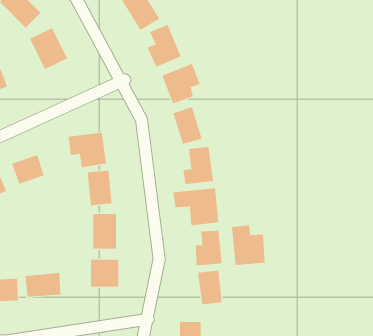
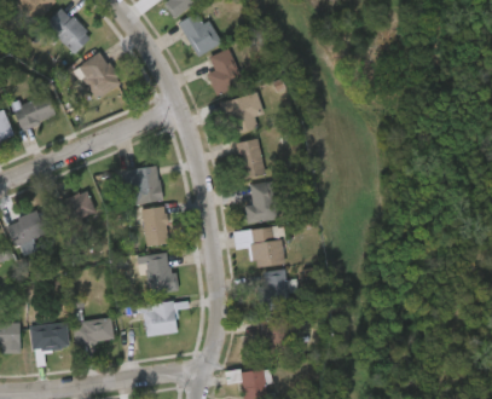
building: [231,224,265,266] -> none

